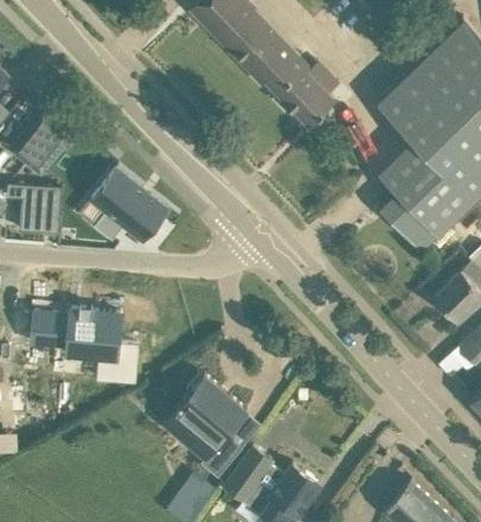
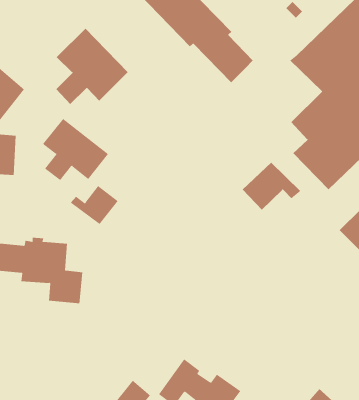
building: none -> [55,28,129,105]
building: none -> [242,162,301,210]
building: none -> [70,185,118,225]
building: [163,375,248,479] -> none

